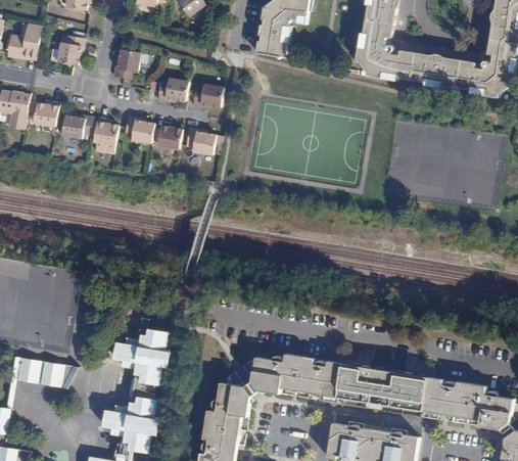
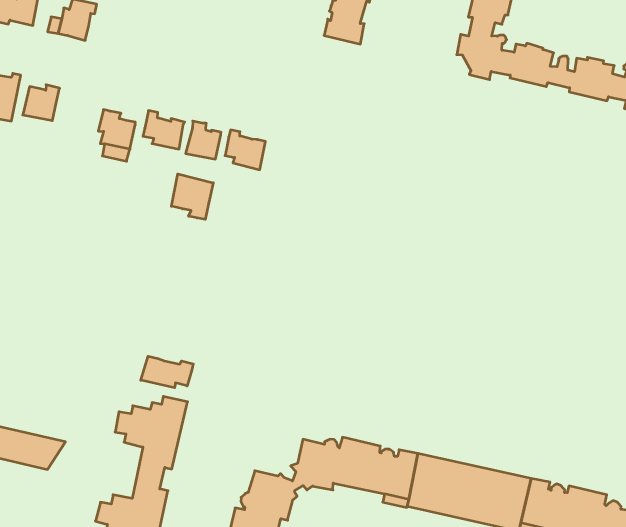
building: [112,49,140,79] -> none
building: [156,78,188,100] -> none
building: [192,83,223,106] -> none
building: [61,114,93,139] -> none
building: none -> [171,174,213,219]
building: none -> [141,356,193,388]

